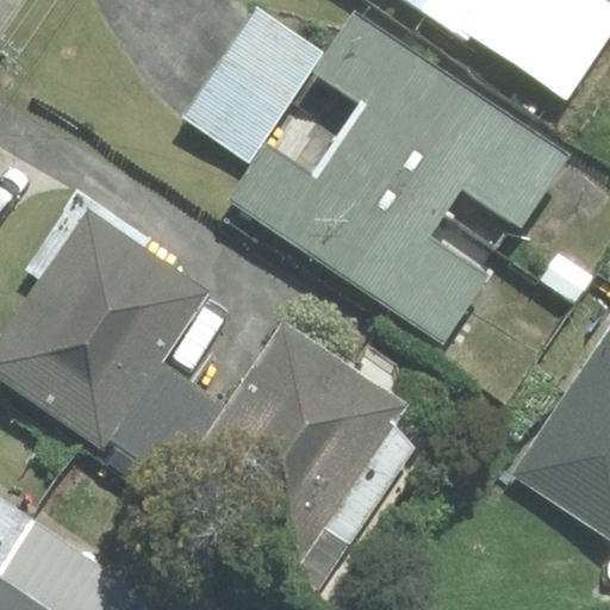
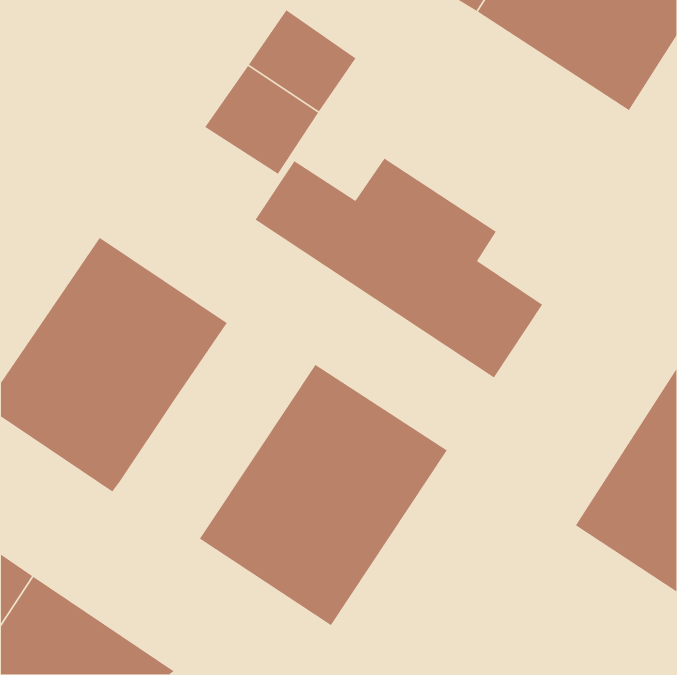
building: [319,14,571,228] -> none
building: [108,359,231,481] -> none

